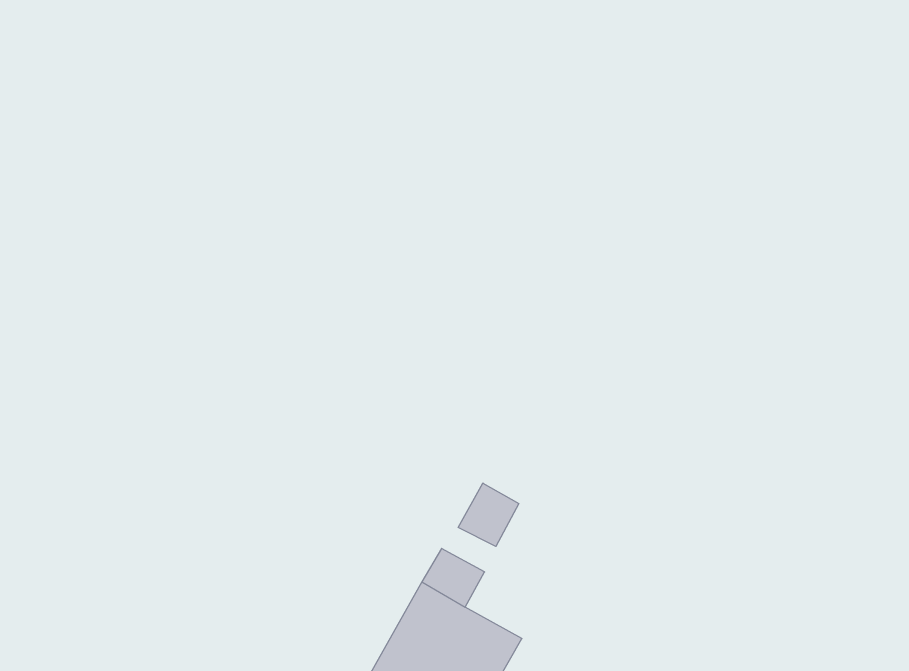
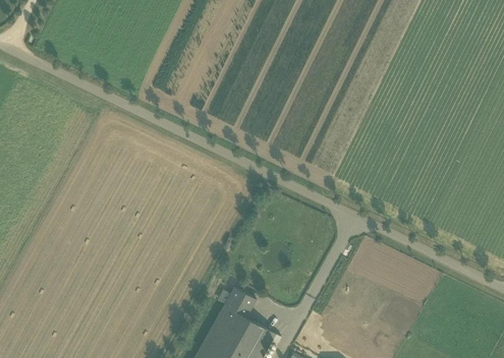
building: [458,483,519,546] -> none

